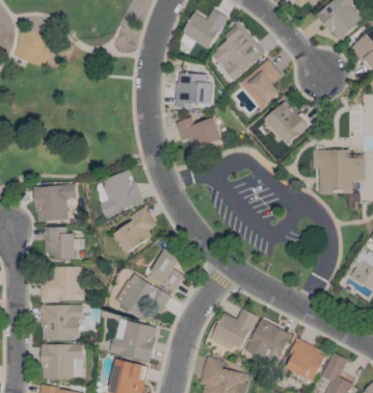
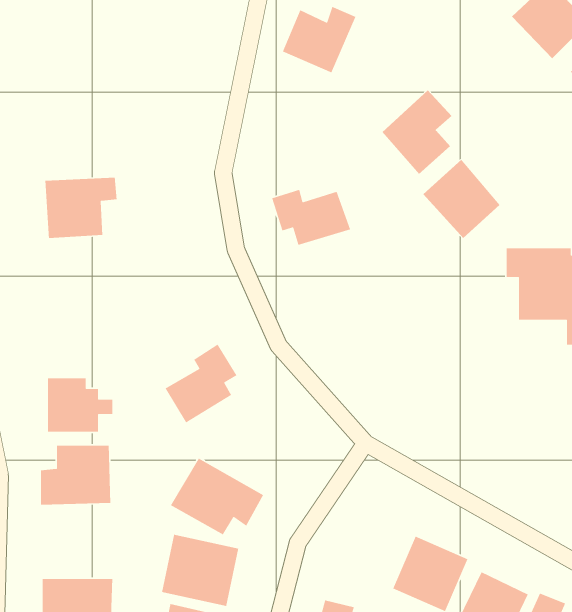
building: [209,25,265,80] -> none
building: [176,73,212,107] -> none
building: [100,169,143,217] -> none
building: [33,185,76,221] -> [45,177,117,239]
building: [150,248,184,291] -> none
building: [41,305,83,340] -> none
building: [211,308,257,352] -> none

